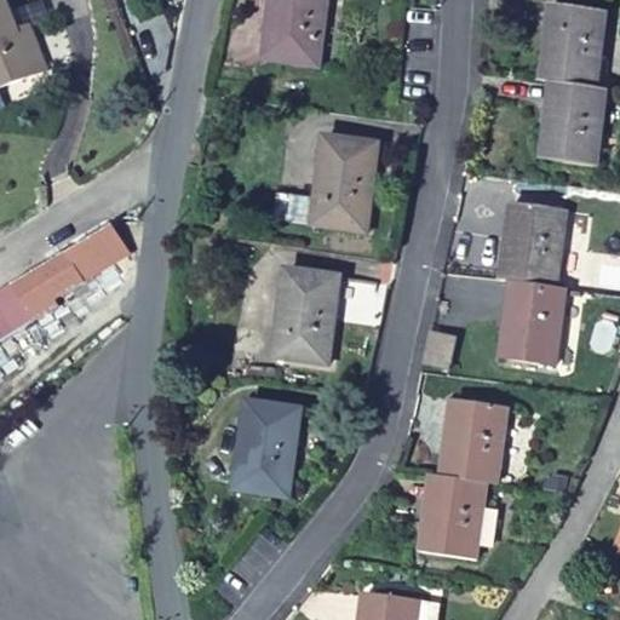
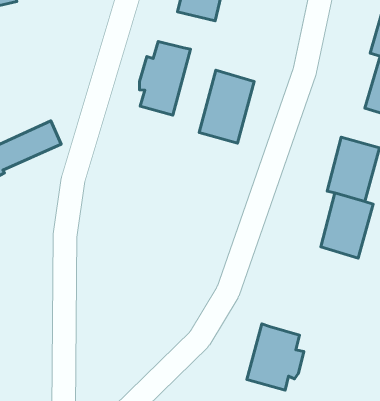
building: none -> [139,42,191,115]
building: [271,266,337,363] -> none
building: [442,397,509,482] -> none
building: [231,403,299,496] -> none

